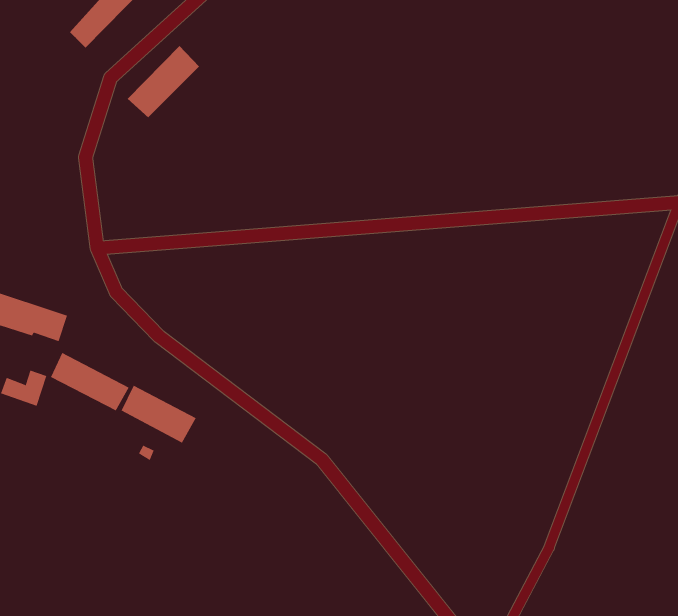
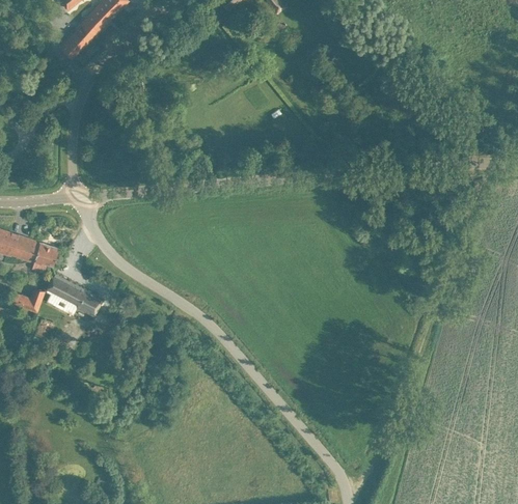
building: [127,45,200,118] -> none
building: [121,385,197,444] -> none

